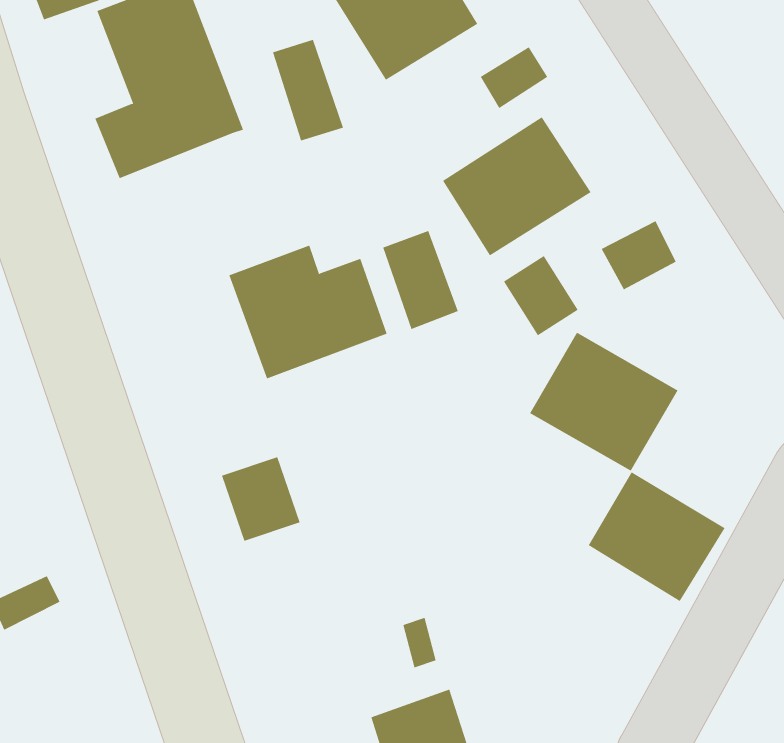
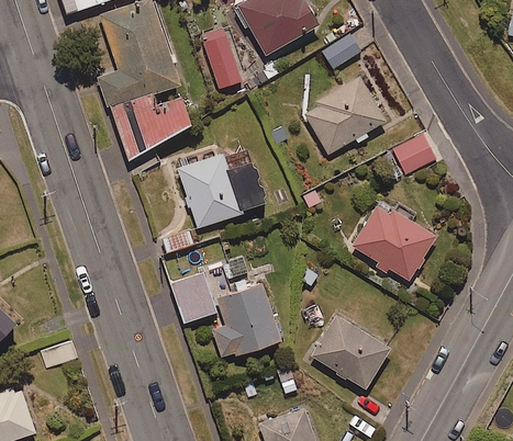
building: none -> [112,86,191,158]
building: [383,230,459,330] -> none
building: [503,255,579,336] -> none
building: none -> [212,281,281,359]
building: [588,472,726,602] -> [311,314,391,389]

